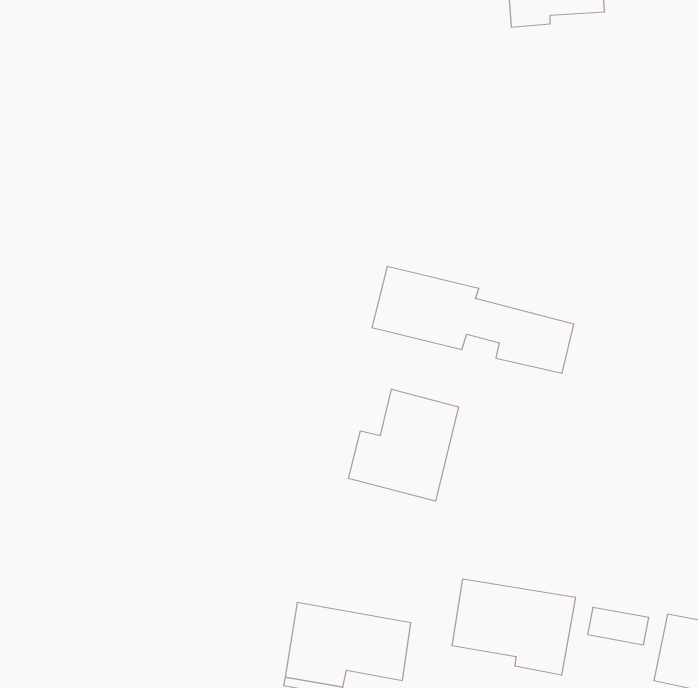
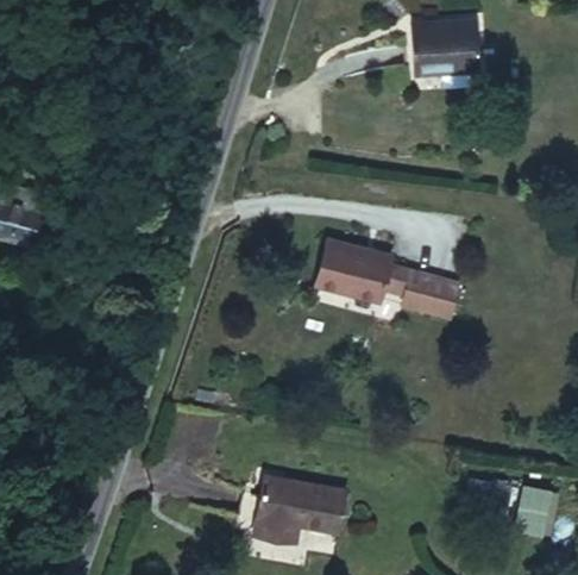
building: [349,389,459,501] -> none
building: [452,579,576,675] -> none

